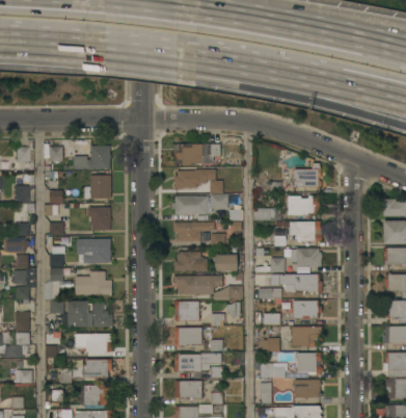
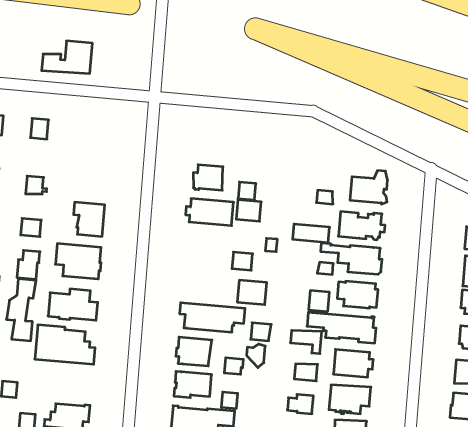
building: [173,145,220,165] -> none
building: [74,146,110,169] -> [42,41,92,73]
building: [83,175,111,199] -> none
building: [173,223,214,241] -> none
building: [173,252,207,271] -> none
building: [86,334,111,352] -> none

